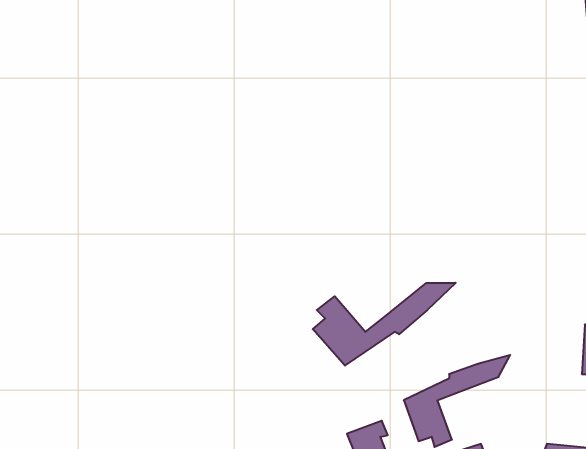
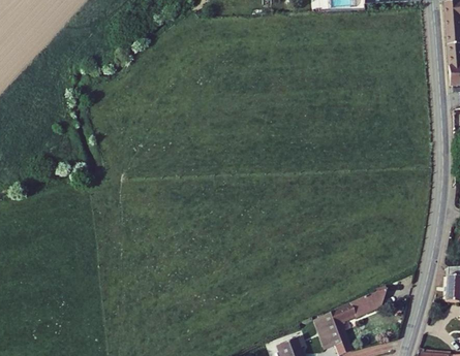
building: [313,283,456,366] -> none

